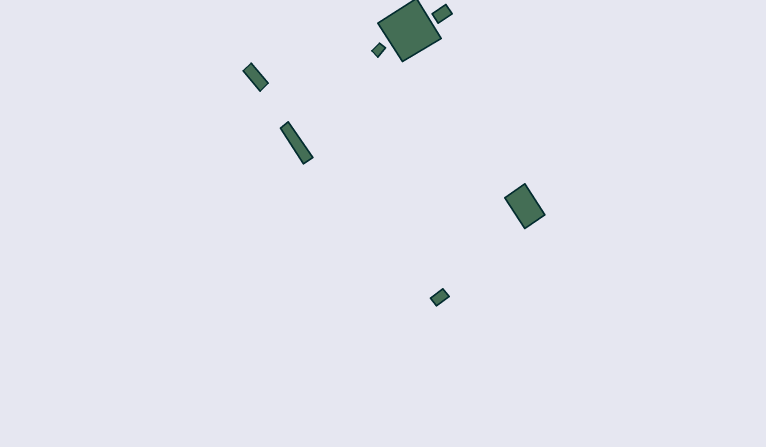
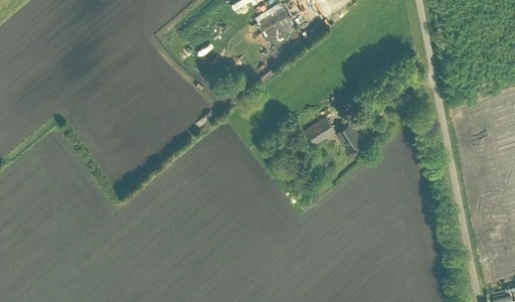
building: none -> [303,117,335,146]

